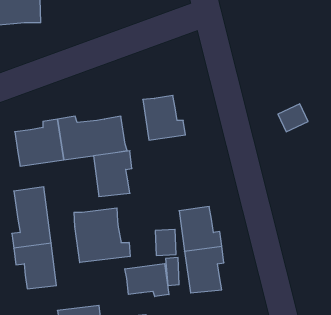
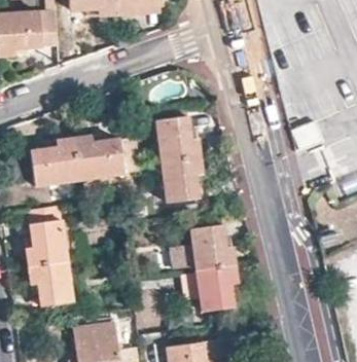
building: [94,151,132,196] -> [163,155,201,201]
building: [74,208,130,263] -> none
building: [125,264,169,297] -> none

